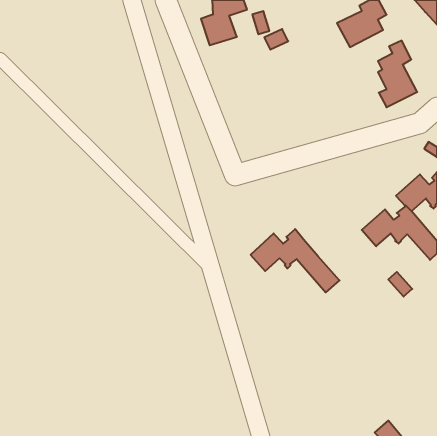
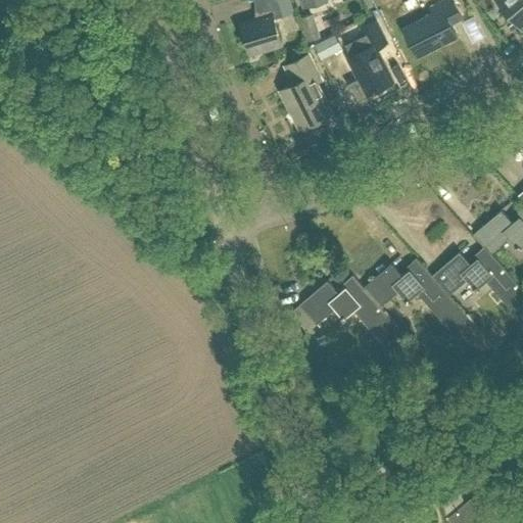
building: [378,41,417,107] -> [347,20,394,100]
building: none -> [280,53,333,130]
building: none -> [363,257,473,336]

